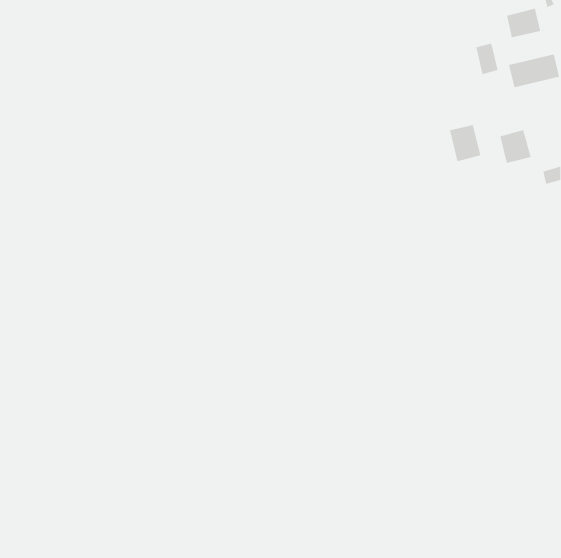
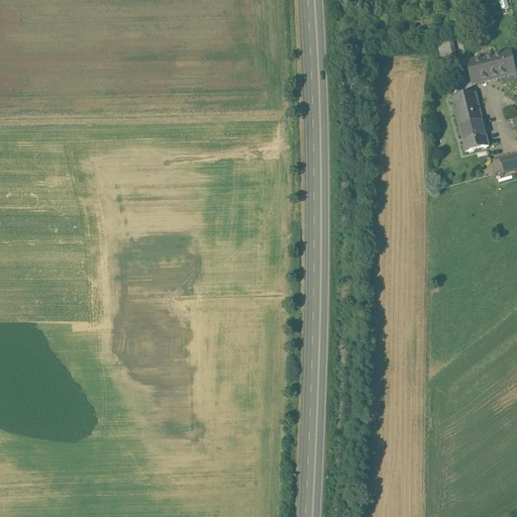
building: [506,8,541,38] -> none
building: [449,125,481,162] -> [452,91,482,125]

